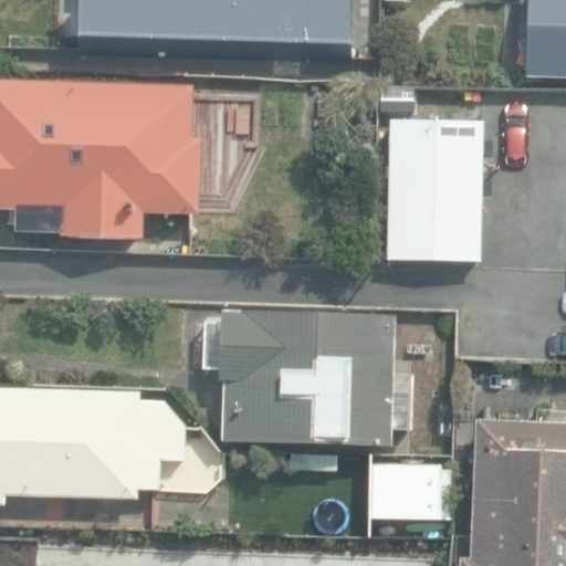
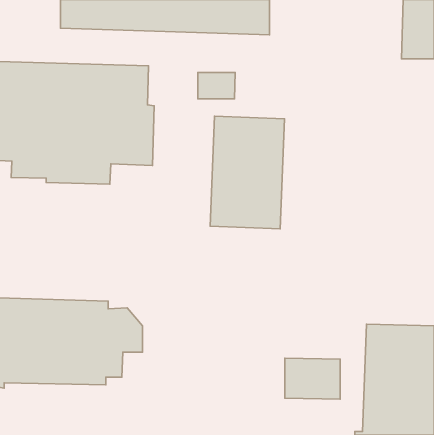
building: [387,117,483,263] -> [210,116,284,229]
building: [221,312,413,447] -> none

